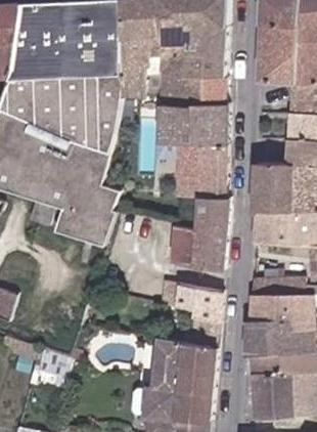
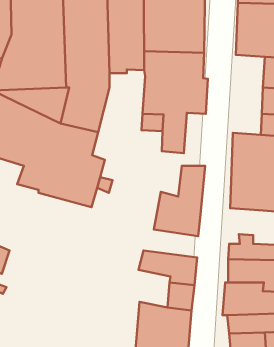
building: [180,140,227,197] -> none

